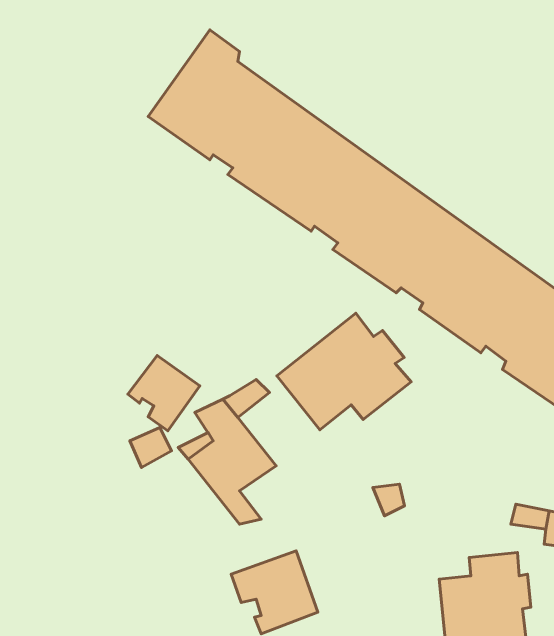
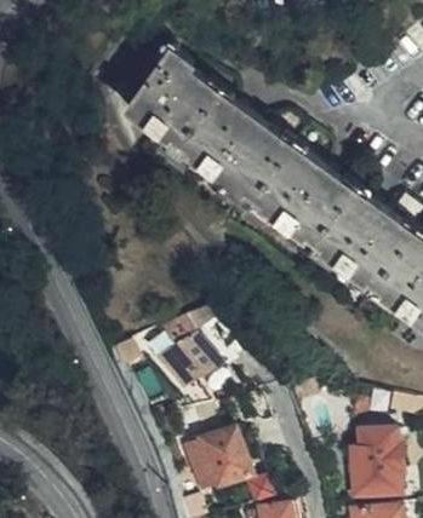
building: [277,313,411,430] -> none
building: [128,356,200,431] -> none

